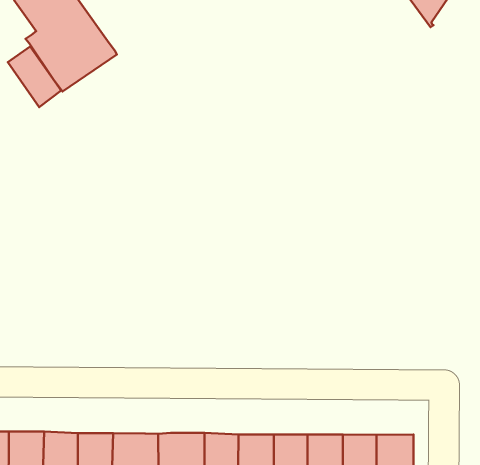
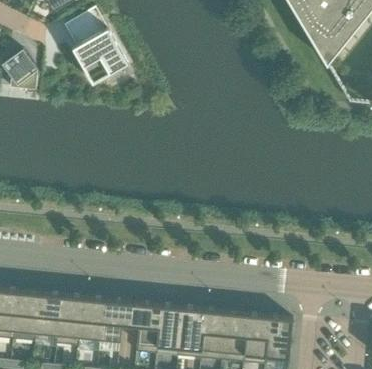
building: [8,46,61,107] -> none

